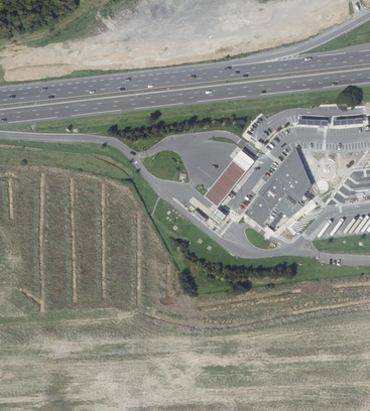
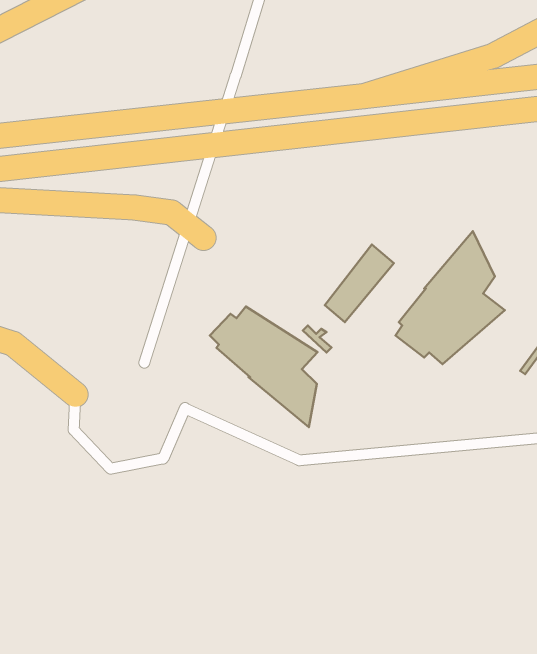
building: none -> [210,306,318,427]

